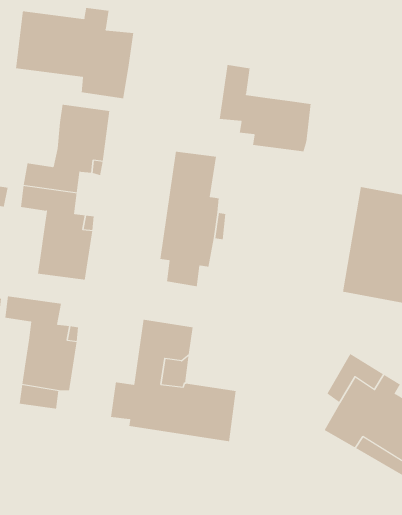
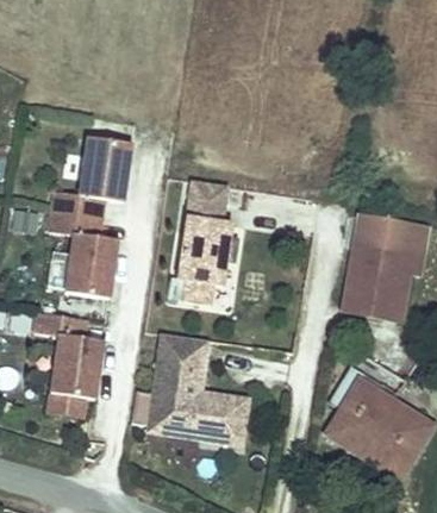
building: [16,7,134,99] -> none
building: [219,64,311,152] -> none

